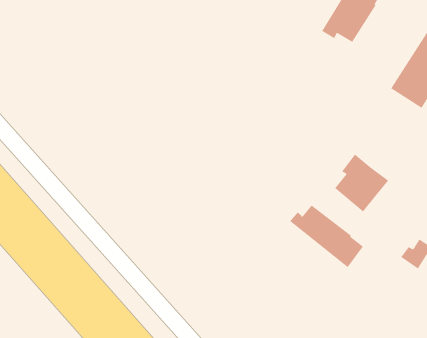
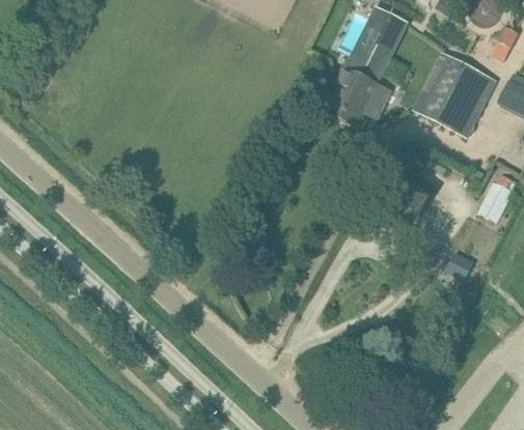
building: none -> [327,68,391,127]
building: [289,204,364,268] -> none

